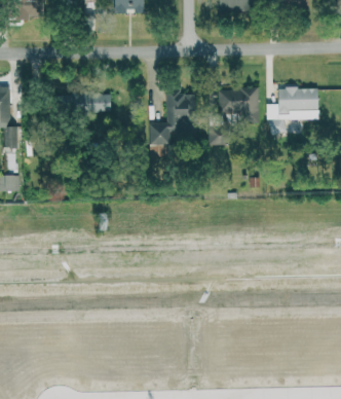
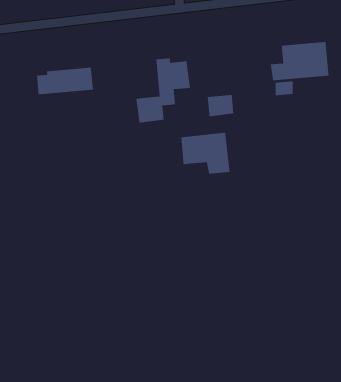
building: [218,87,259,123] -> [180,132,230,174]

